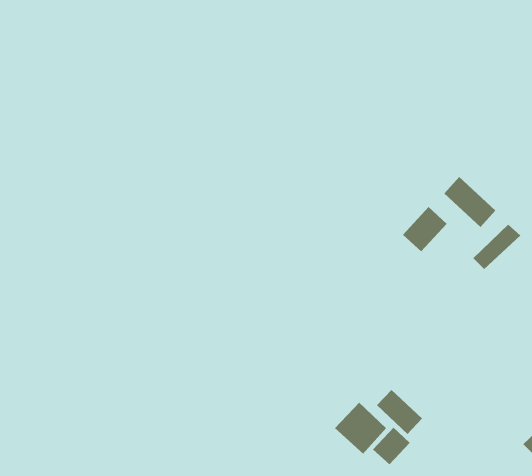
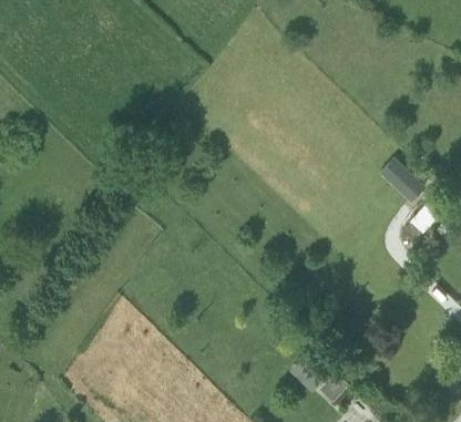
building: [402,206,447,252] -> none
building: [376,389,423,435] -> none

